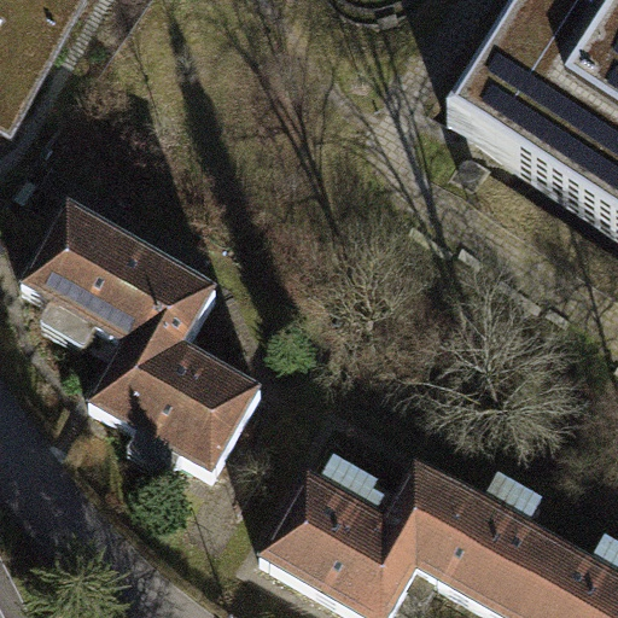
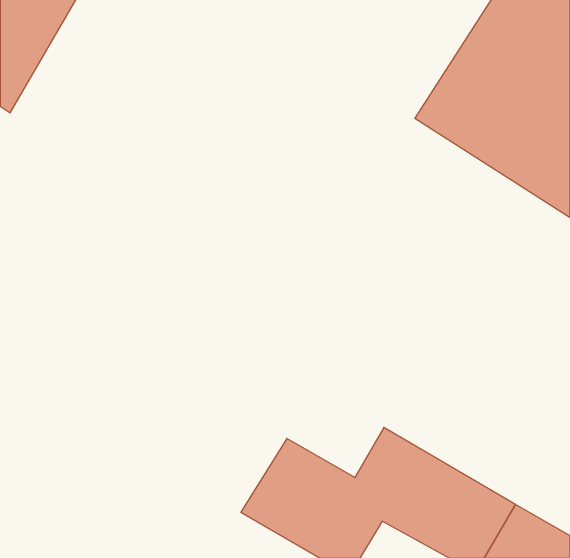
building: [25,205,266,474] -> none

